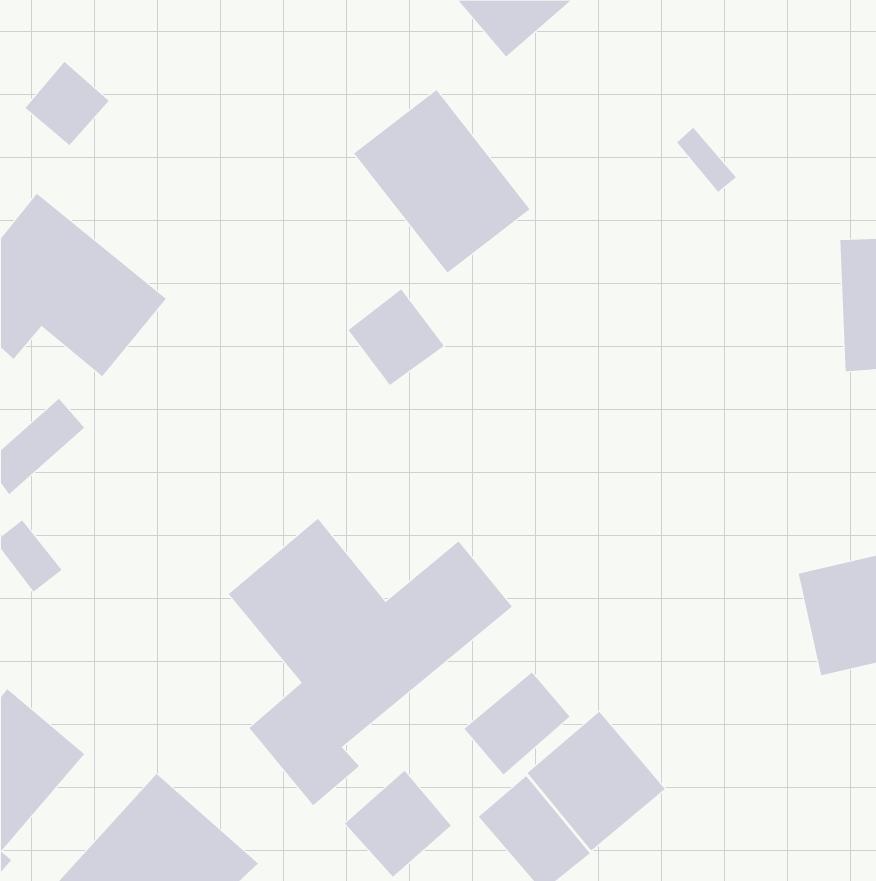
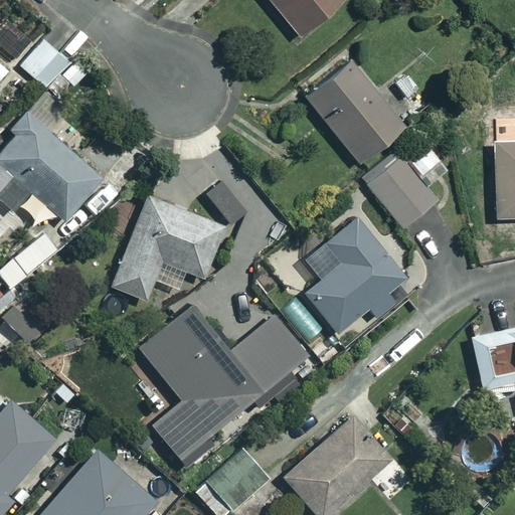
building: [353,89,531,273] -> [303,56,405,163]
building: none -> [366,143,451,229]
building: none -> [111,196,224,301]
building: none -> [303,216,405,334]
building: [464,671,571,775] -> none

